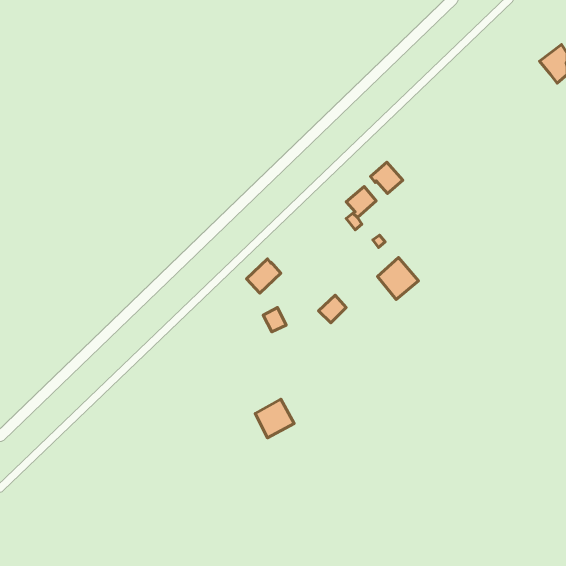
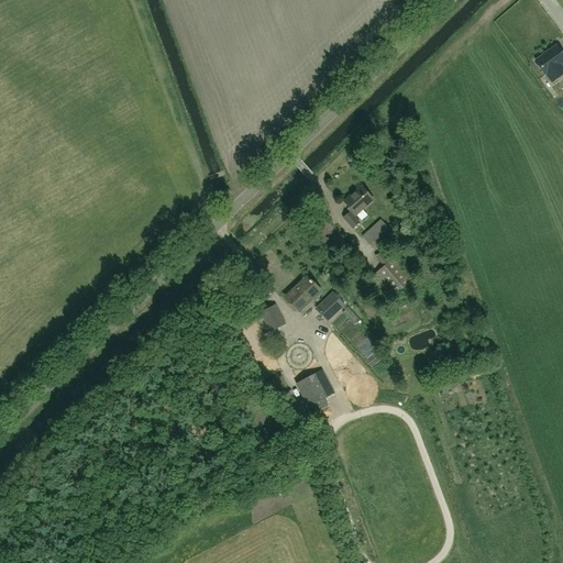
building: [370,162,403,193] -> none
building: [246,259,281,293] -> [287,276,321,310]
building: [255,399,294,438] -> [297,368,335,407]

